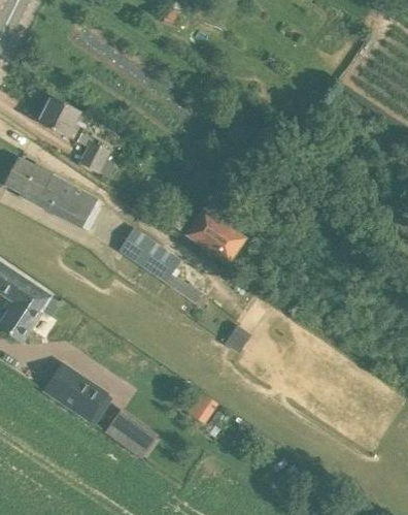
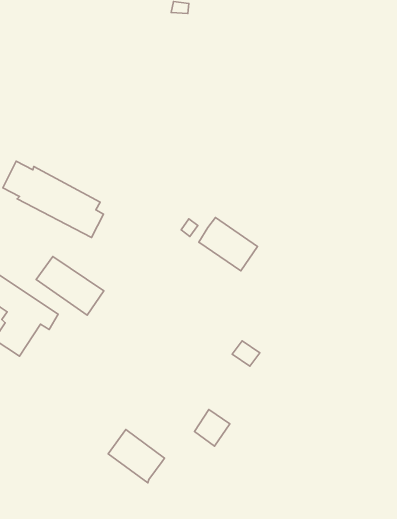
building: [38,96,109,172] -> none
building: [117,228,180,283] -> [36,256,104,315]
building: [44,364,105,420] -> none

